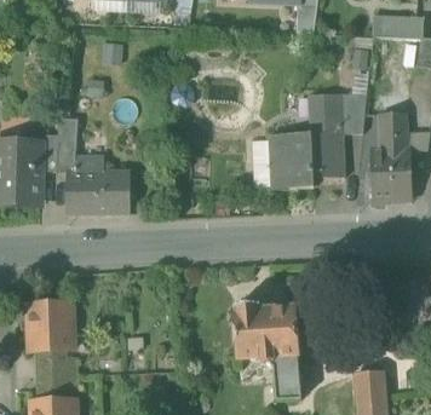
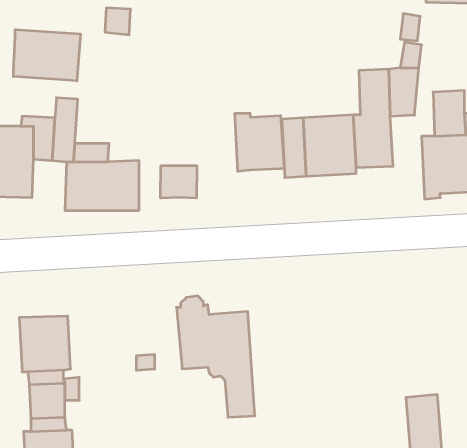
building: none -> [13,30,80,81]
building: none -> [235,113,284,171]
building: none -> [161,166,197,198]
building: [234,295,300,398] -> [176,296,255,417]

